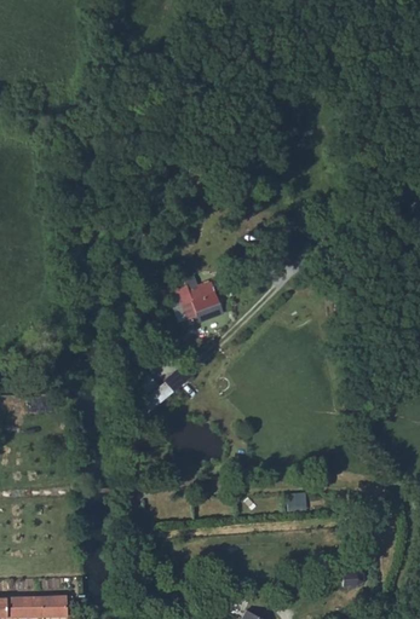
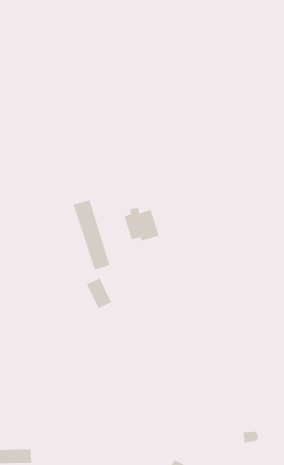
building: none -> [73,200,110,270]

